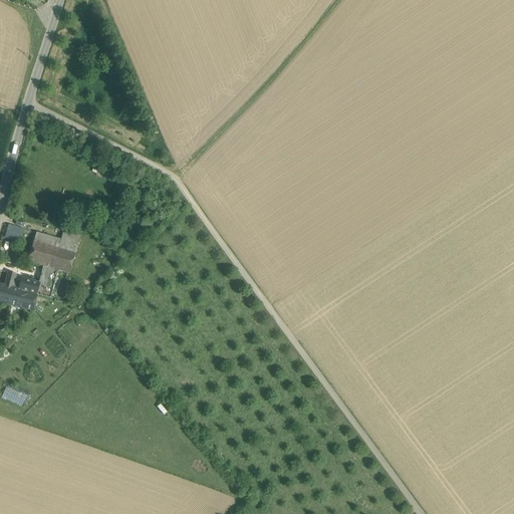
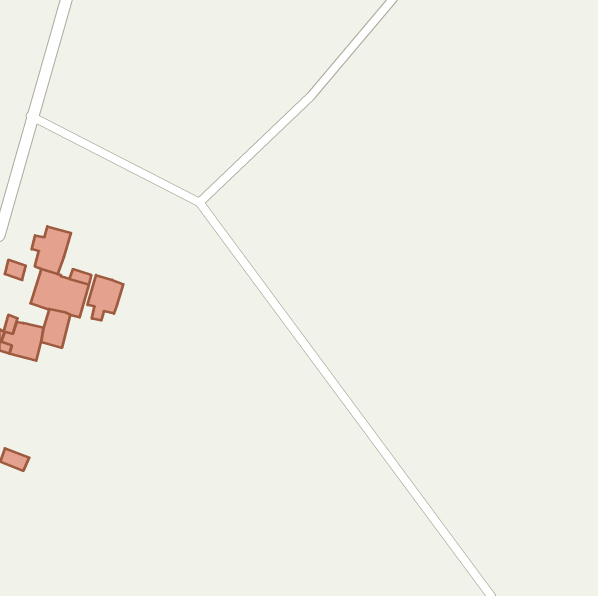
building: none -> [32,226,71,274]
building: none -> [88,275,123,320]

